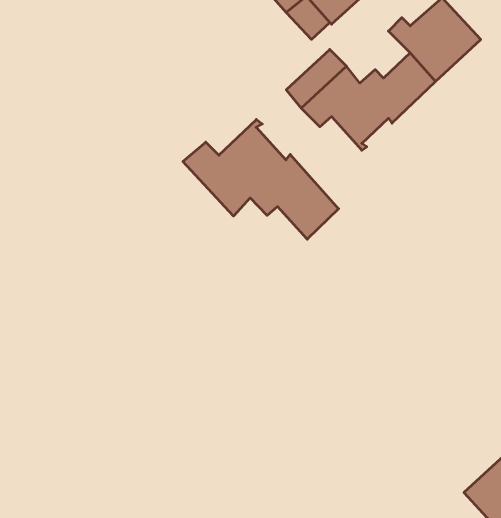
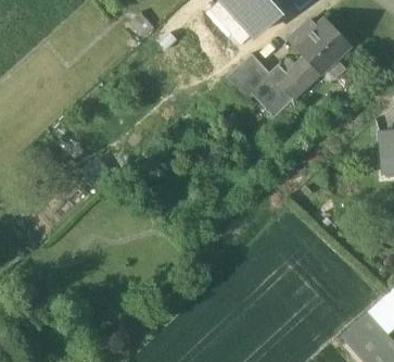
building: [183,119,339,239] -> none

